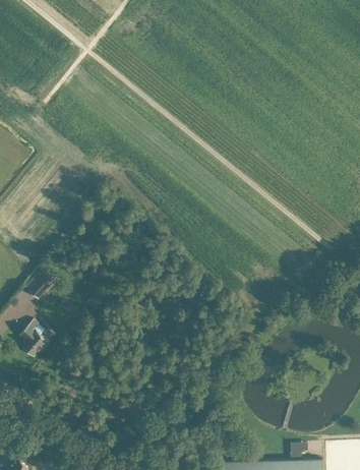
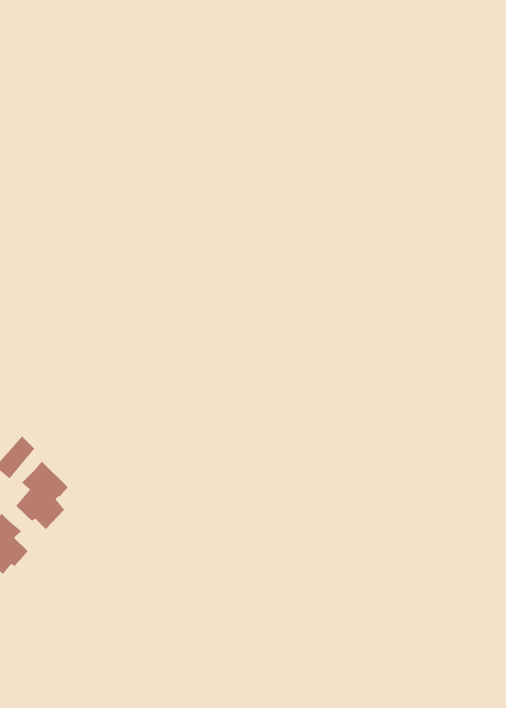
building: none -> [16,461,68,530]

